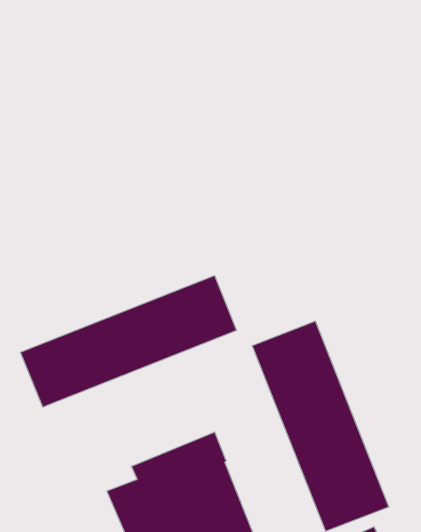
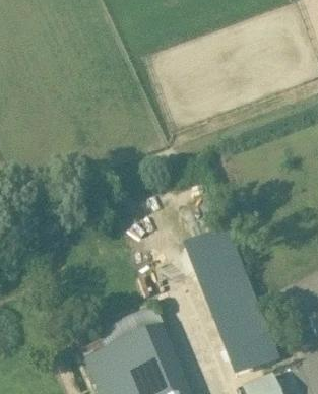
building: [20,276,237,407] -> none

